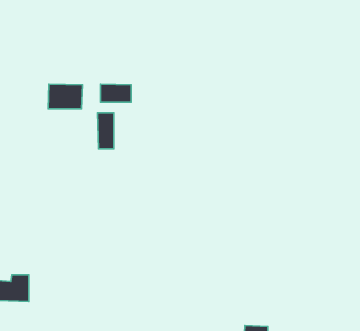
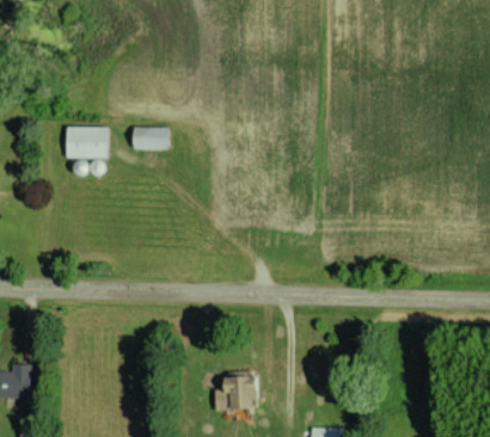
building: [98,113,114,149] -> none
building: none -> [215,376,259,410]

